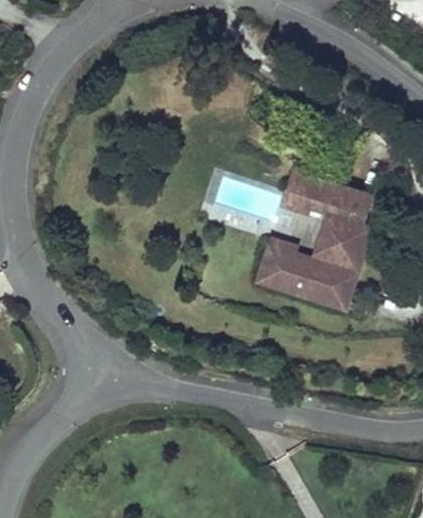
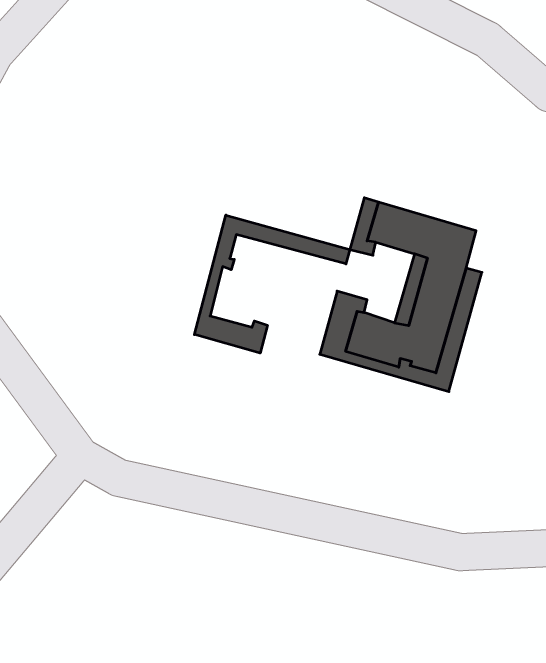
building: none -> [194,215,350,353]

